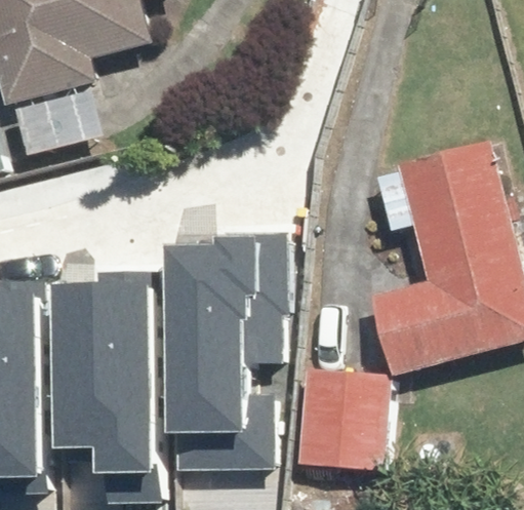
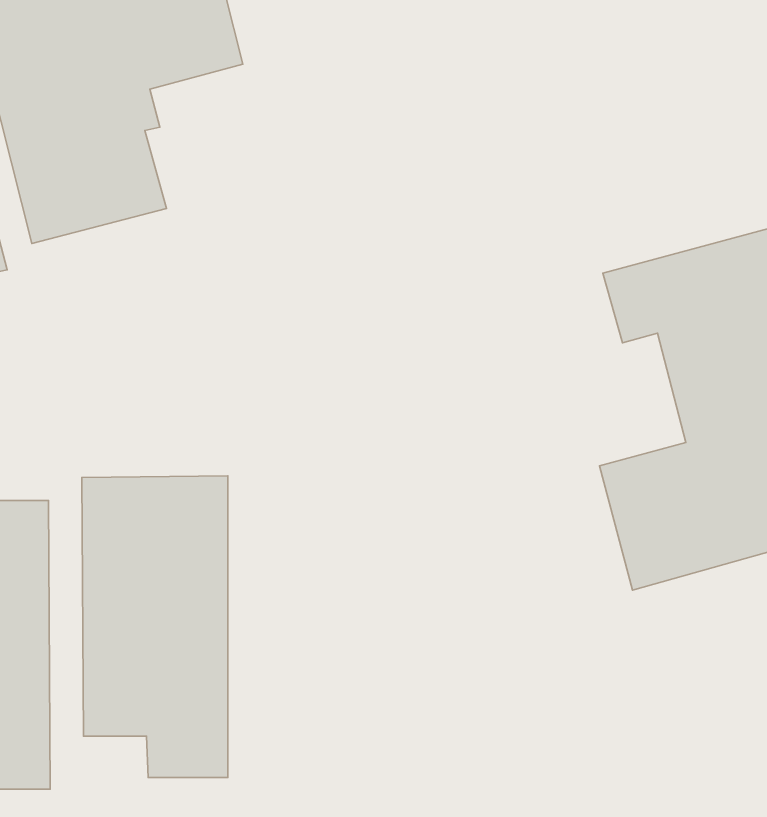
building: [162,257,255,442] -> none
building: [297,364,389,462] -> none

